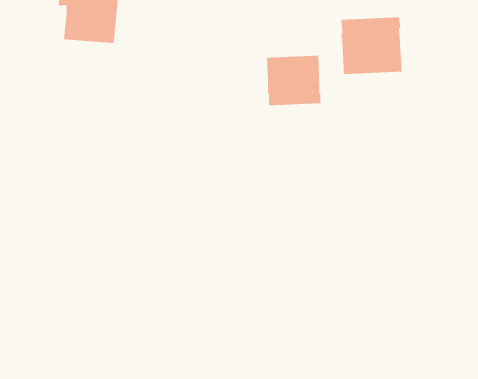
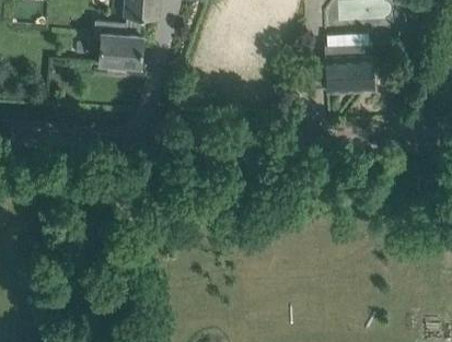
building: [266,55,321,106] -> none

